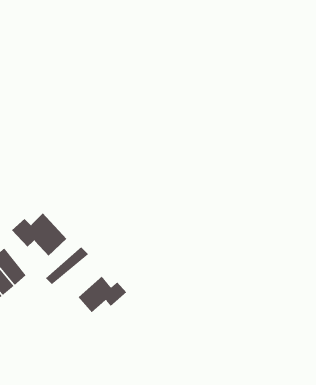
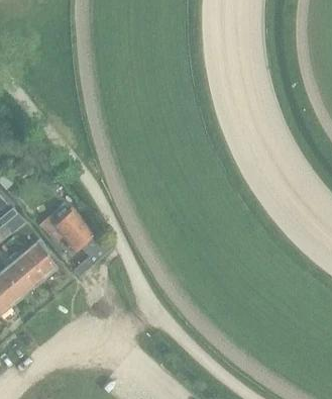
building: [78,276,127,313] -> none

